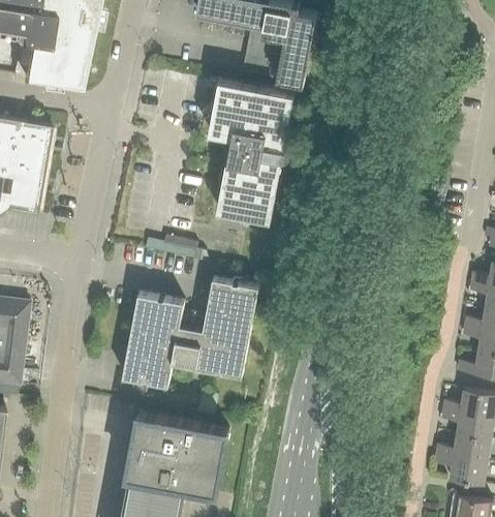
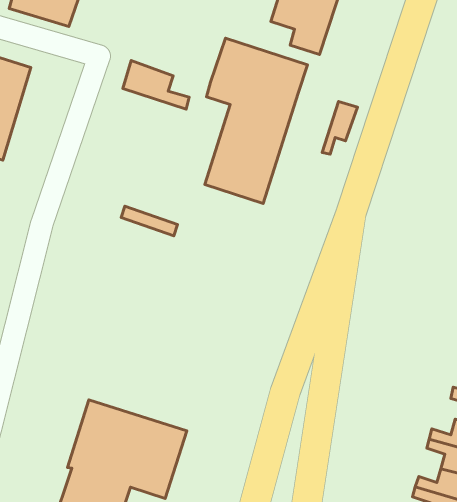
building: none -> [123,60,189,109]
building: none -> [322,101,357,154]
building: [123,277,258,385] -> none

